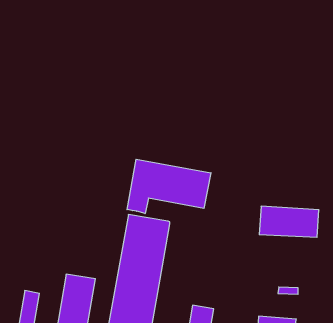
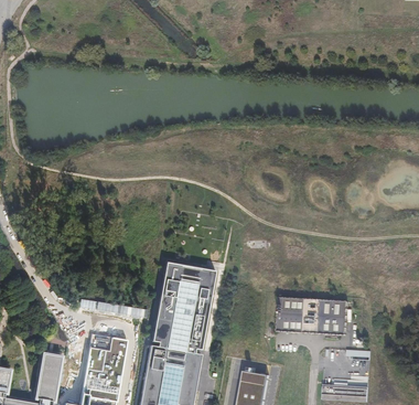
building: [127,159,211,214] -> none
building: [259,206,319,237] -> [276,299,347,337]

